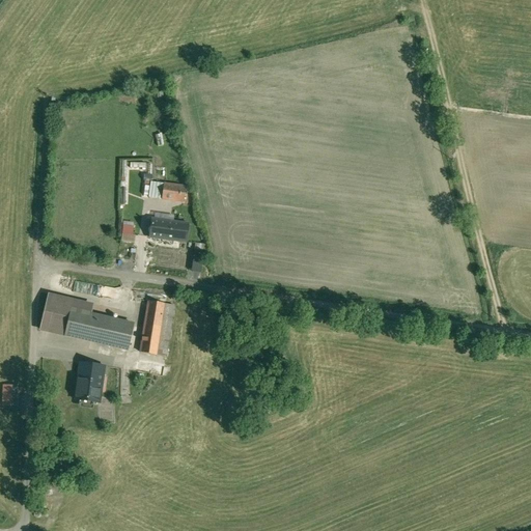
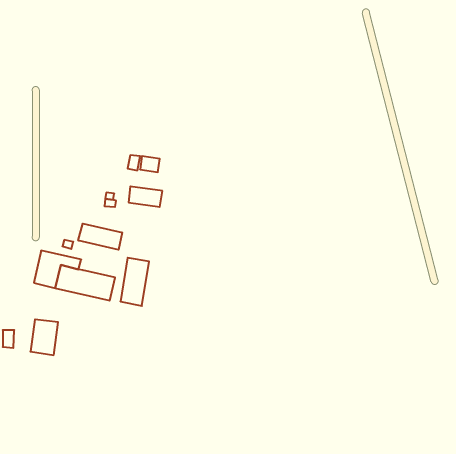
building: none -> [78,224,122,250]
building: [74,361,106,402] -> [30,319,58,355]

